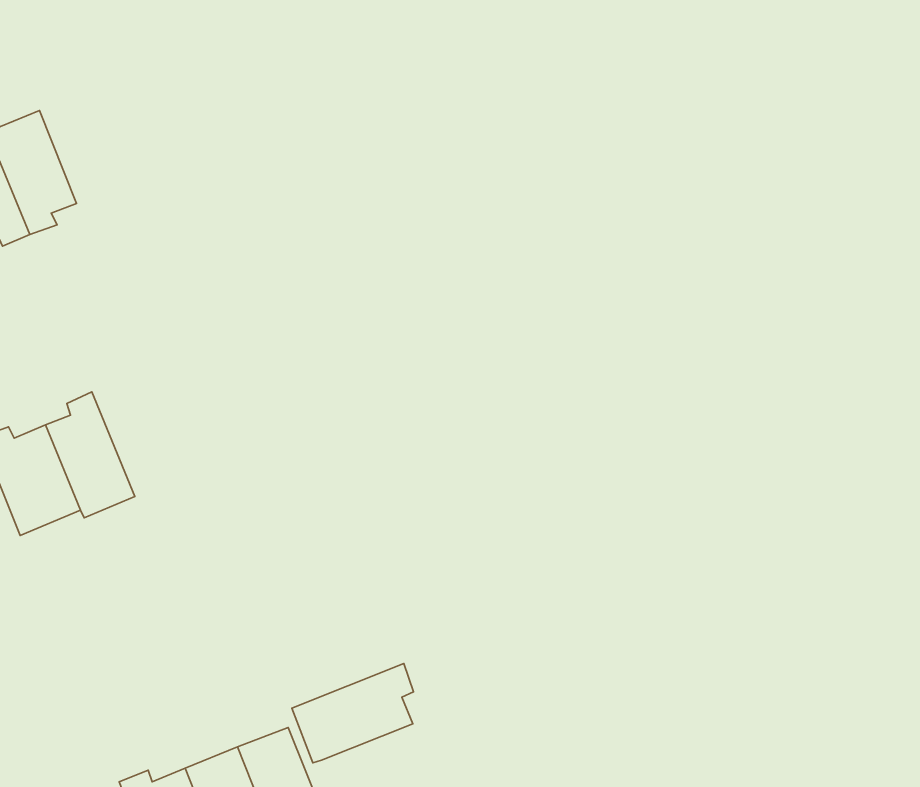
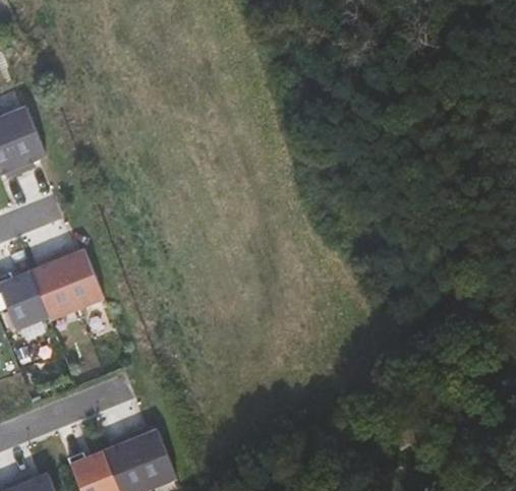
building: none -> [53,249,103,309]
building: [292,664,414,763] -> none

